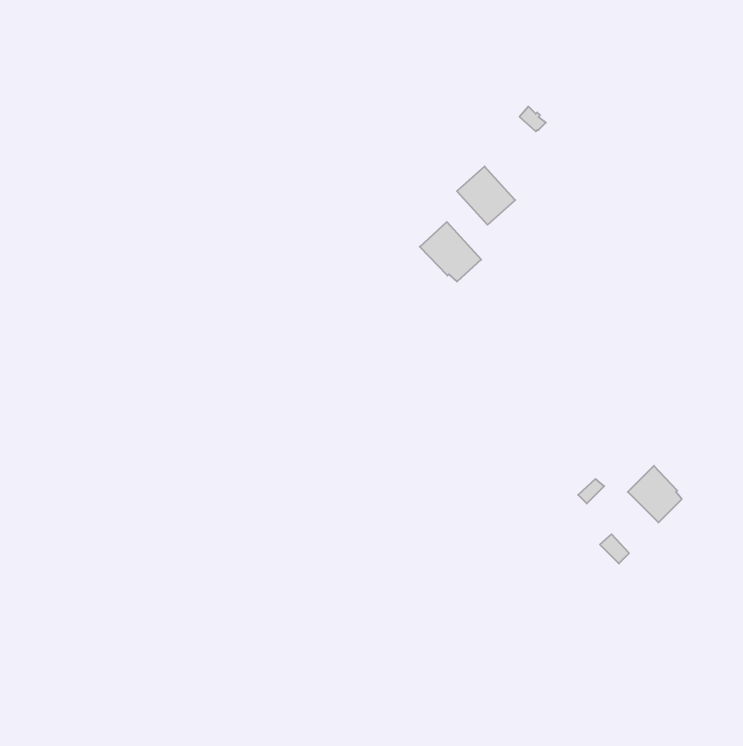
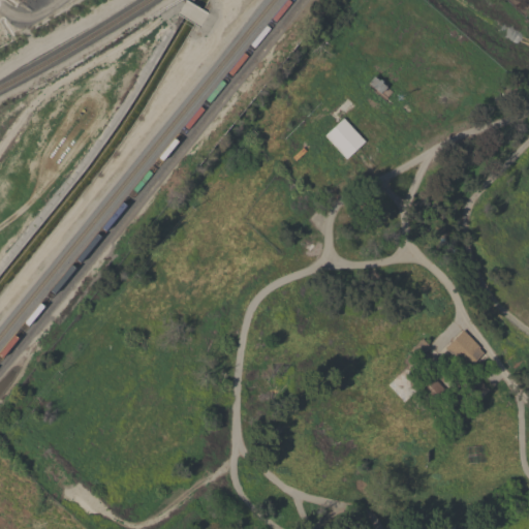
building: [420,222,481,282] -> none

